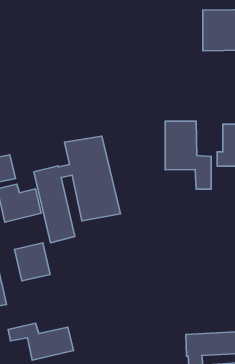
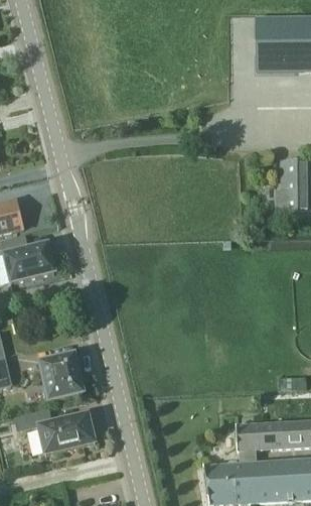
building: [165,121,211,189] -> none
building: [34,136,121,243] -> none
building: [14,243,50,281] -> [39,353,84,400]

